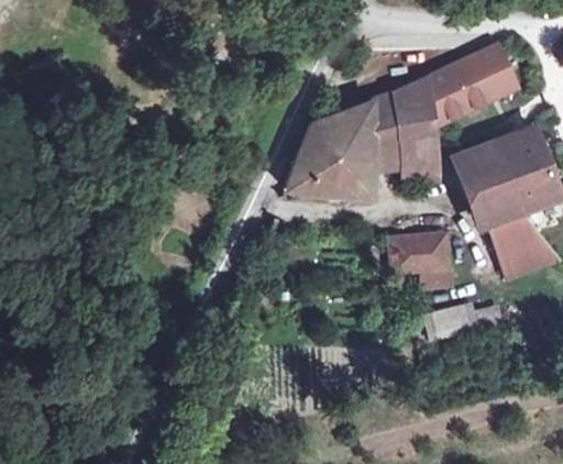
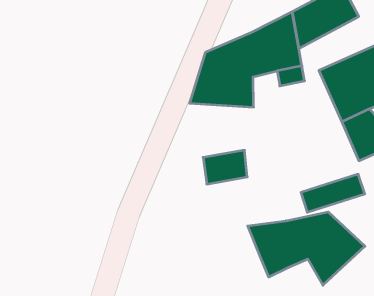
building: [391,234,448,275] -> [203,150,247,184]
building: none -> [248,212,365,285]

